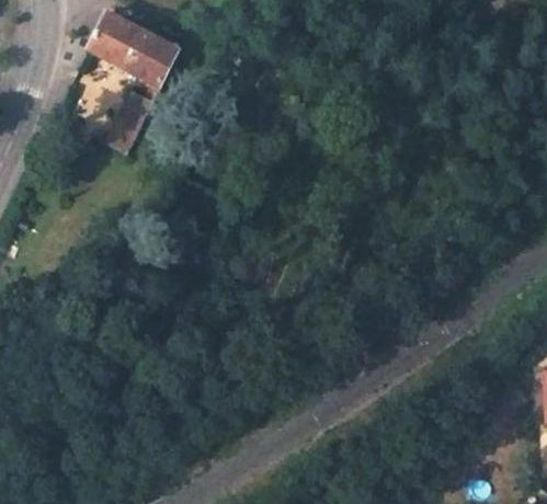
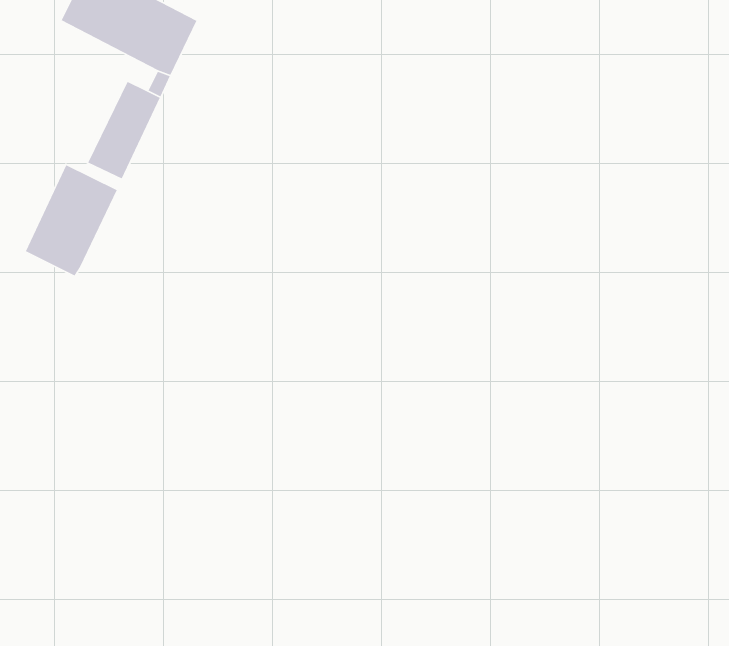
building: none -> [25,164,118,277]

